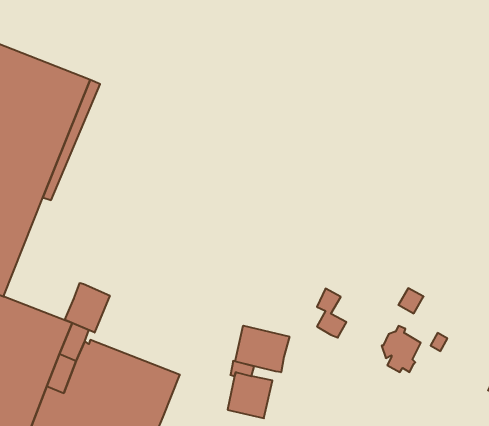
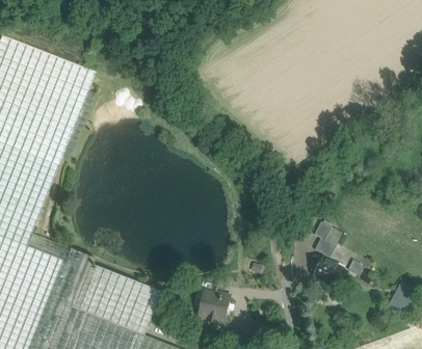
building: [65,283,110,333] -> none
building: [317,289,346,338] -> [314,220,336,257]
building: [235,326,289,372] -> none

